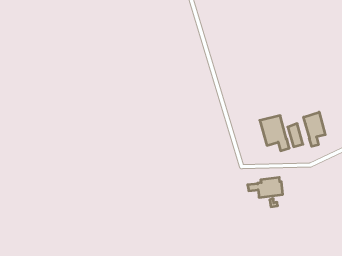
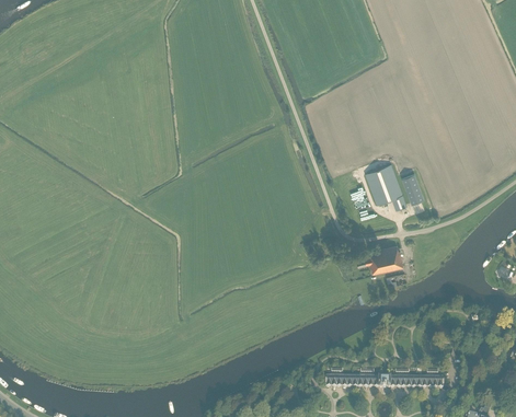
building: [304,112,325,146] -> none

